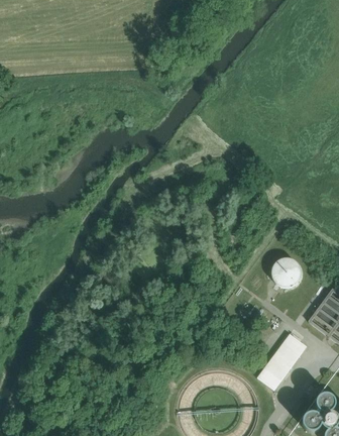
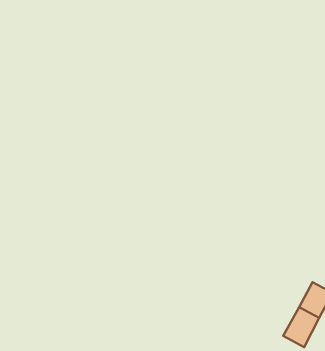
building: [276,259,300,287] -> none

